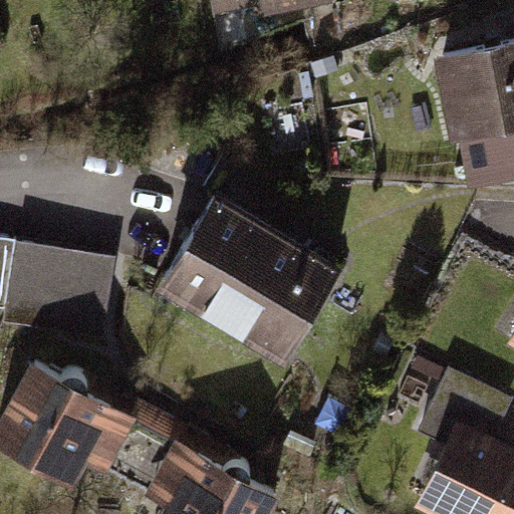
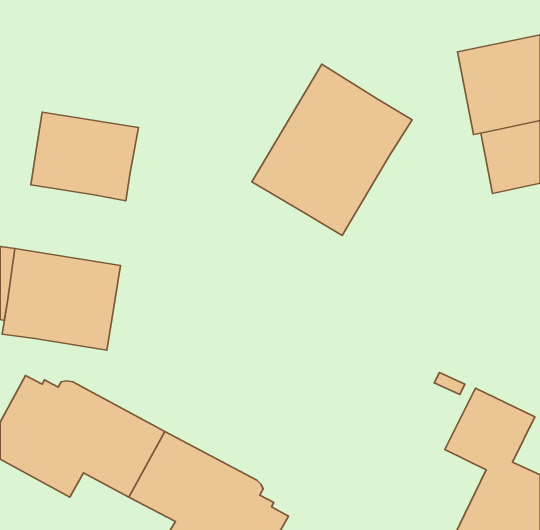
building: none -> [252,64,412,235]
building: none -> [31,112,138,201]
building: [161,197,337,355] -> none

